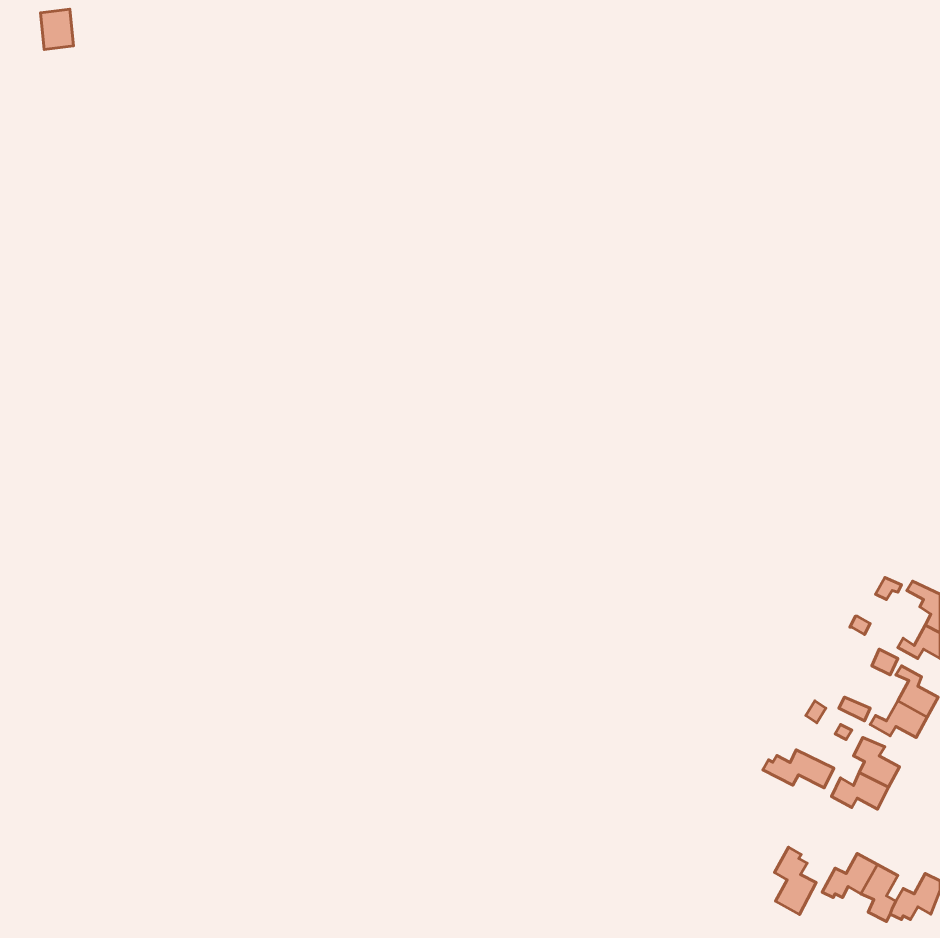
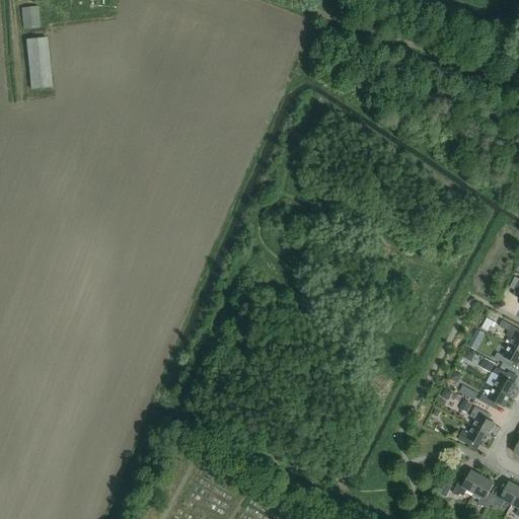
building: none -> [26,38,52,88]
building: [763,750,834,788] -> none
building: [775,847,816,914] -> none

